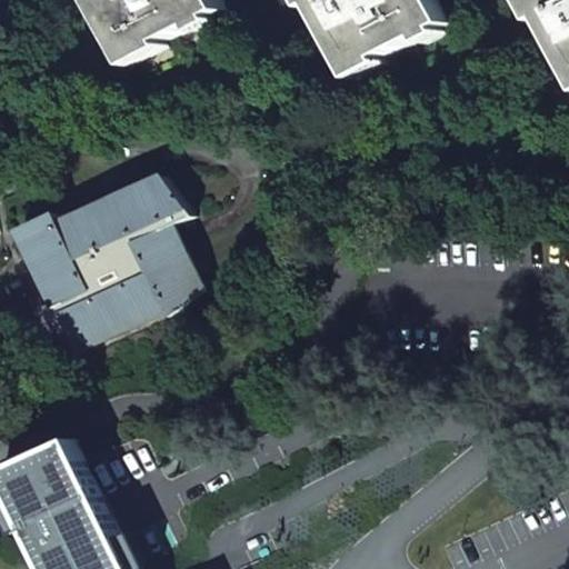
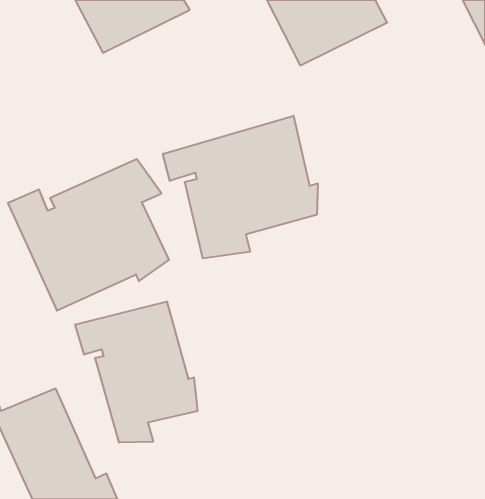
building: none -> [163,116,318,258]
building: none -> [75,301,197,443]

